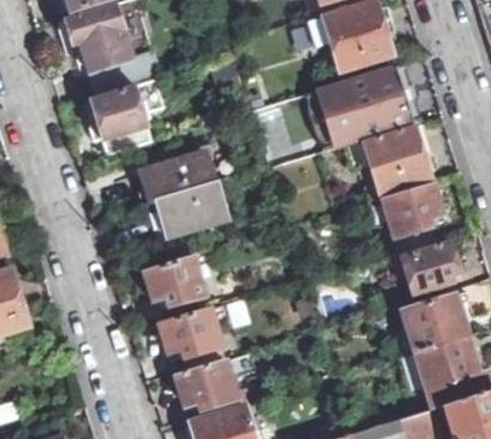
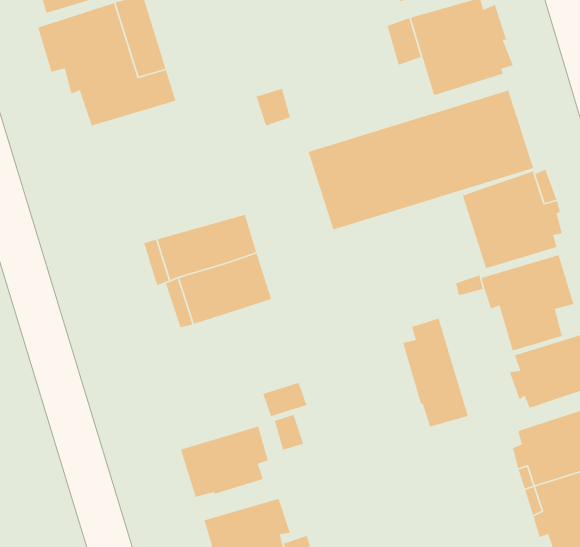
building: [89,80,159,151] -> none
building: none -> [402,318,469,427]
building: [144,250,214,306] -> none

